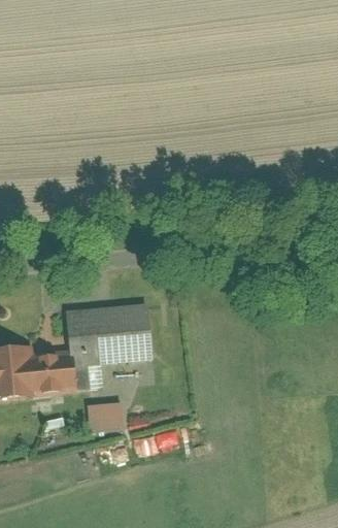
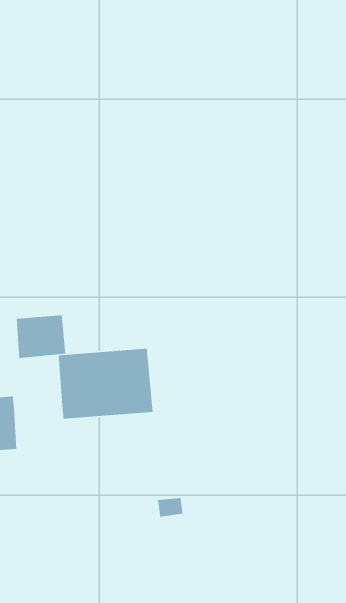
building: [32,353,75,391] -> [16,315,66,359]
building: [82,403,122,433] -> none

